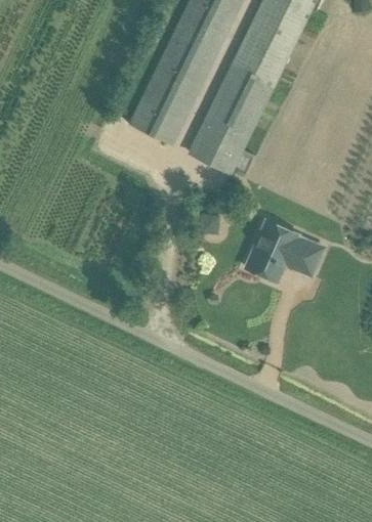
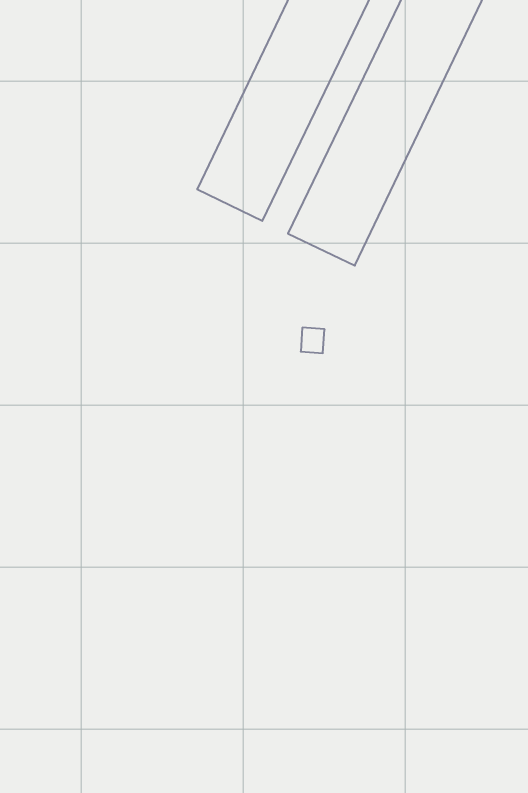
building: [245,220,323,280] -> none

